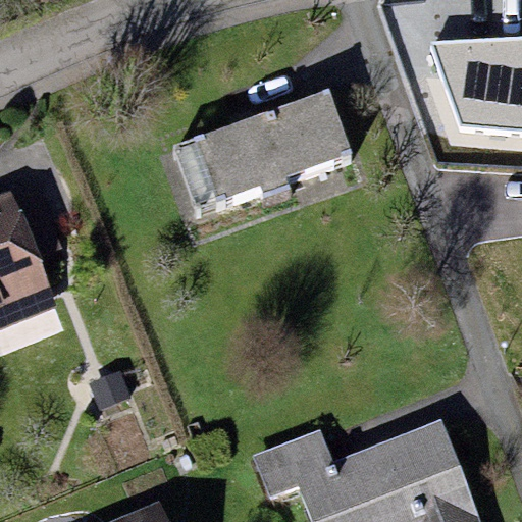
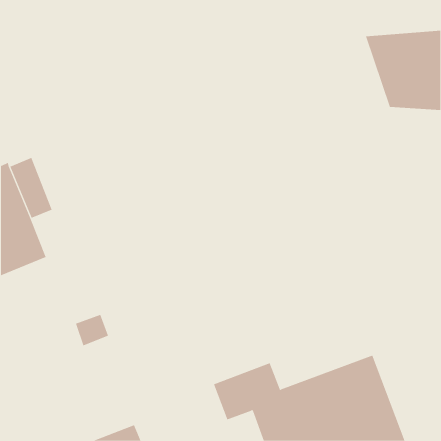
building: [170,89,350,210] -> none

